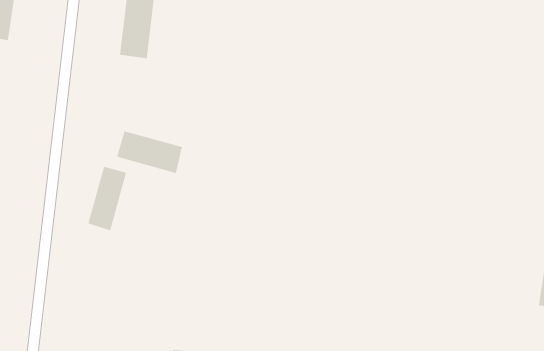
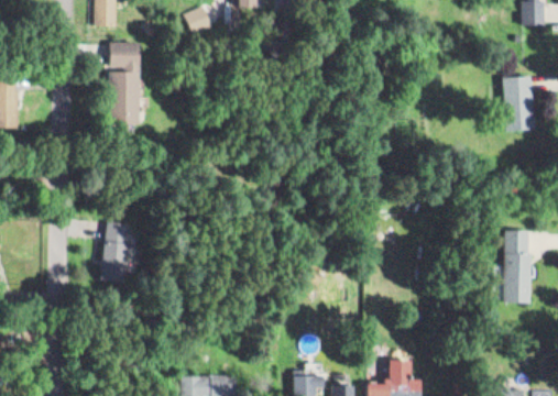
building: [117,131,183,174] -> none

